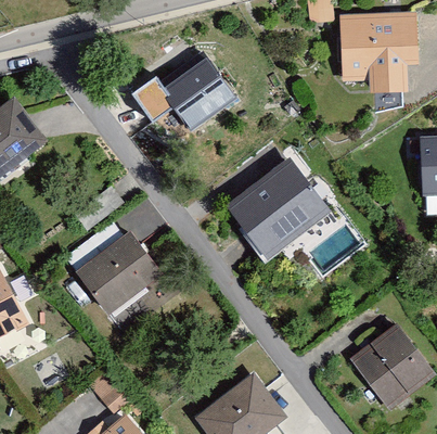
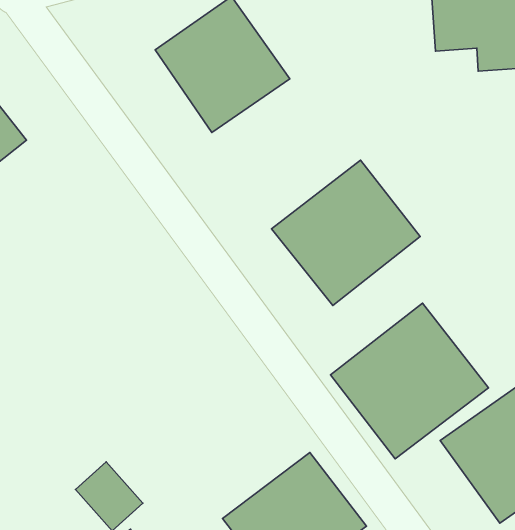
building: [74,228,171,324] -> none
building: none -> [331,303,489,459]

